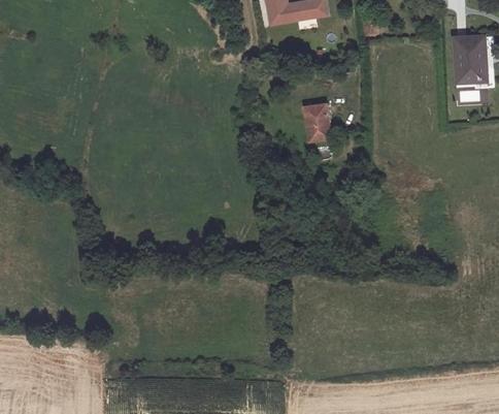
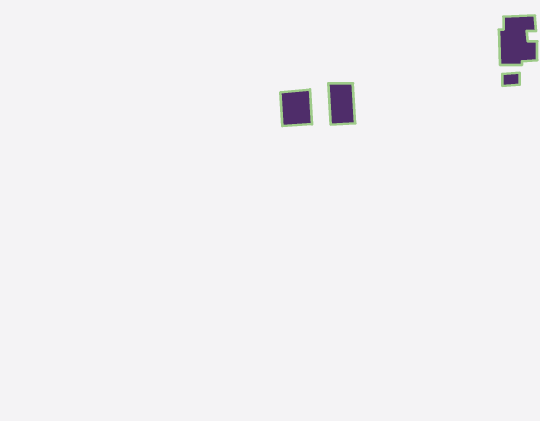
building: none -> [281,89,312,126]

